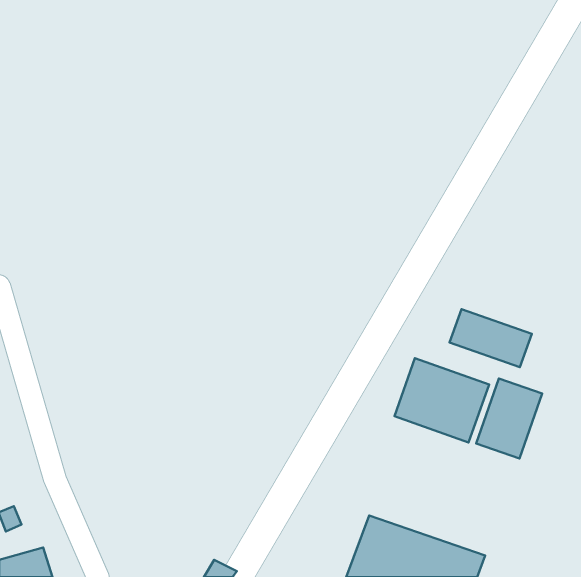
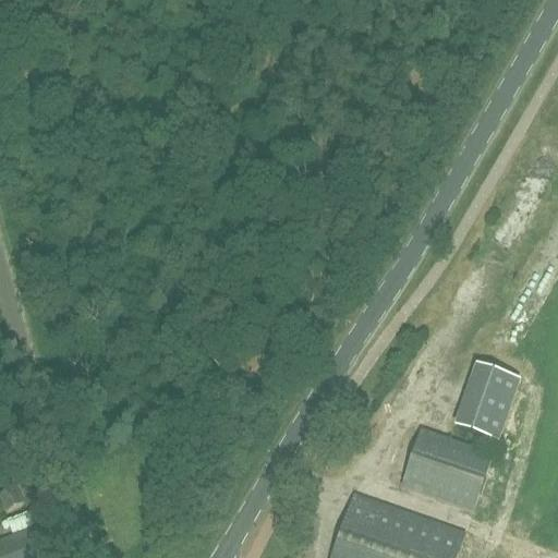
building: [450,309,532,367] -> none
building: [394,358,489,443] -> [401,427,492,508]

